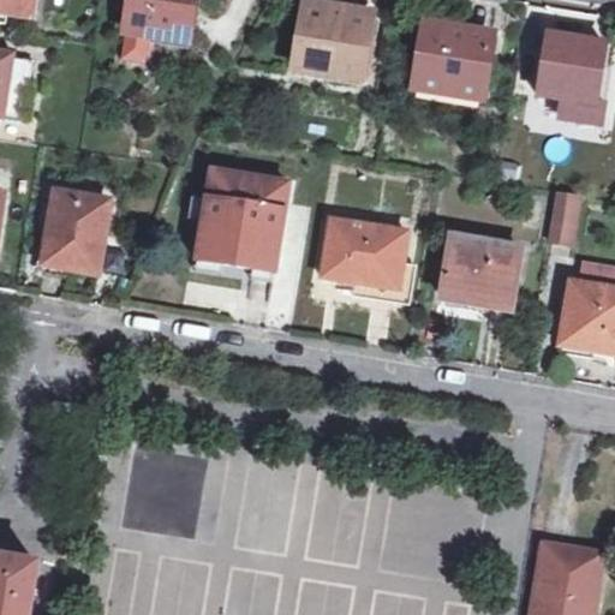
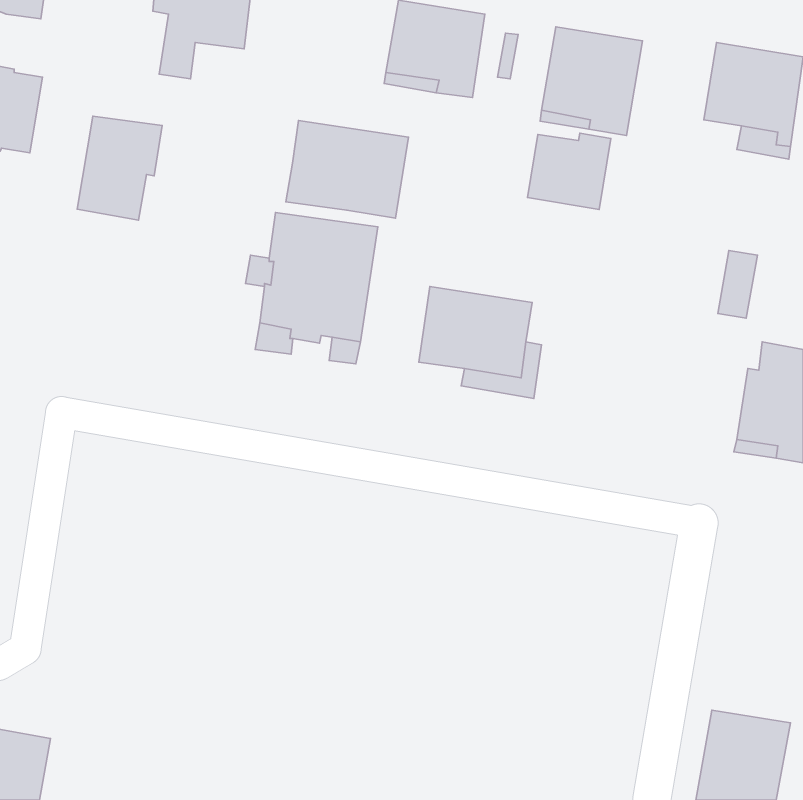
building: none -> [286,121,408,218]
building: none -> [528,133,611,210]
building: [43,192,108,271] -> [77,116,162,220]
building: [441,235,520,301] -> none

